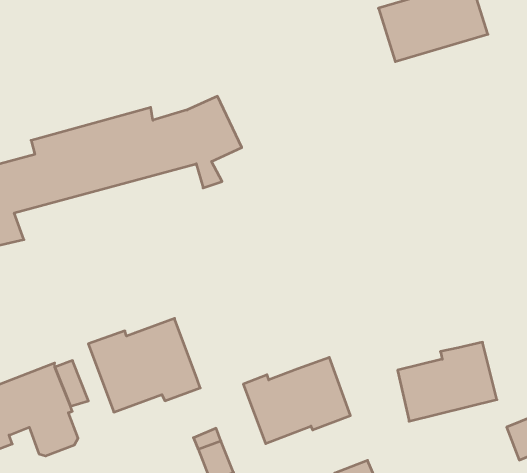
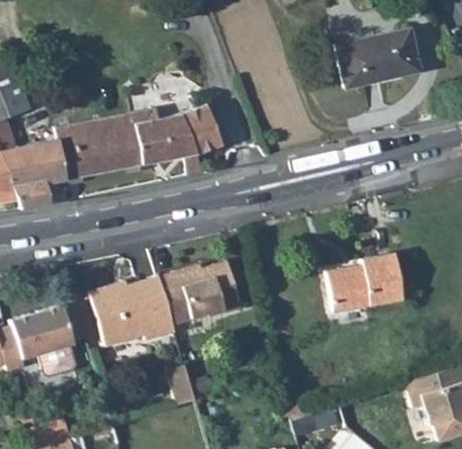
building: [398,342,497,421] -> [328,254,403,311]
building: [243,357,350,444] -> [159,260,241,324]

